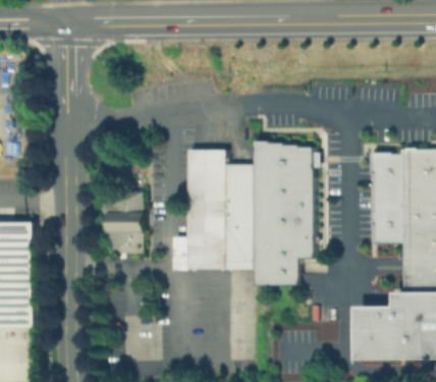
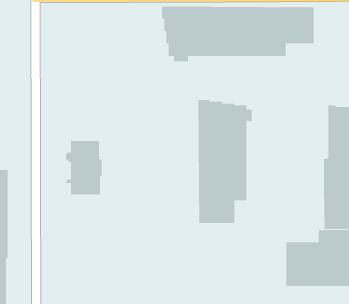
building: none -> [162,6,314,62]
building: [171,148,252,269] -> none
building: [370,148,405,241] -> none

